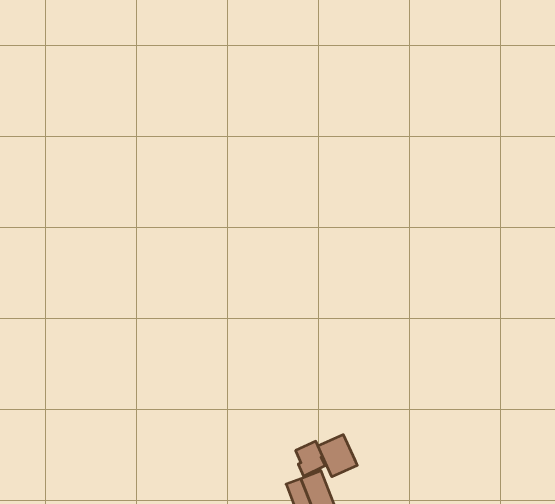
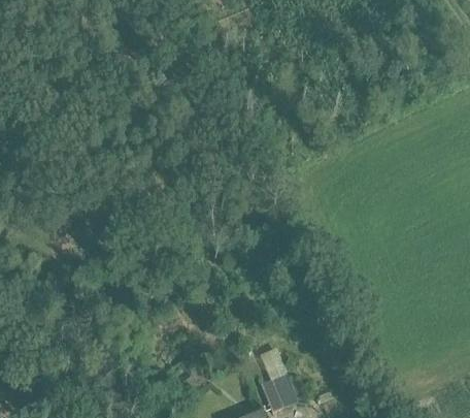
building: [318,435,357,477] -> none

